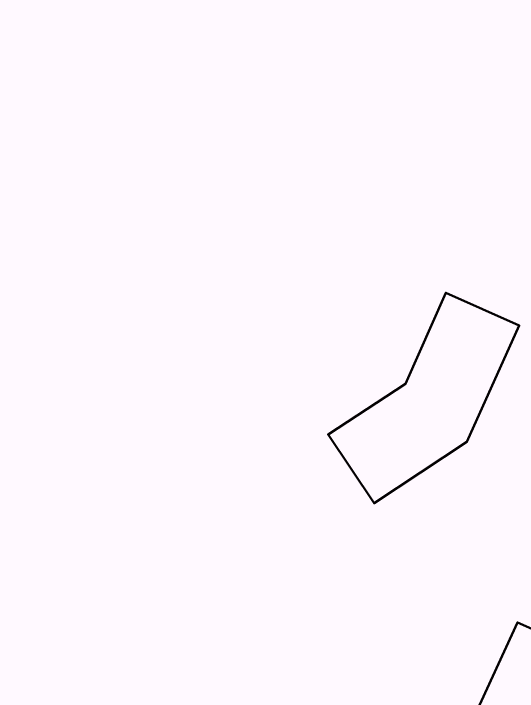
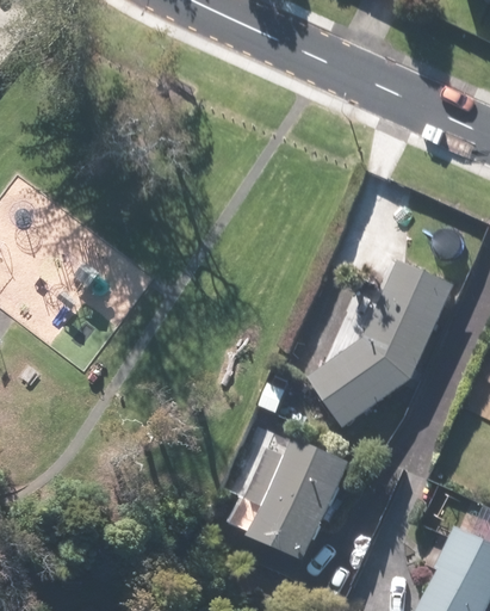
building: none -> [243,434,352,561]

